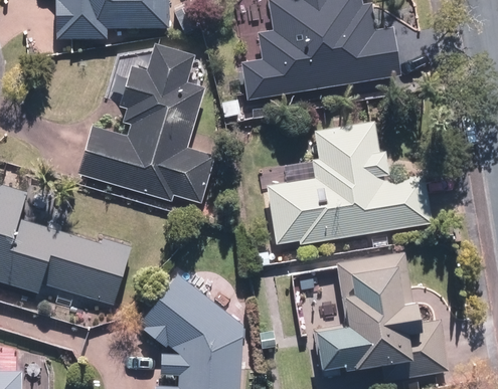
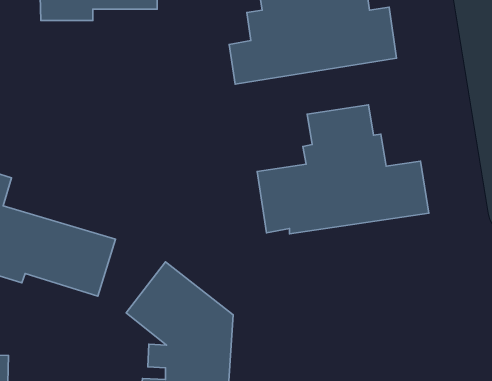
building: [75,41,213,204] -> none
building: [312,251,448,381] -> none

